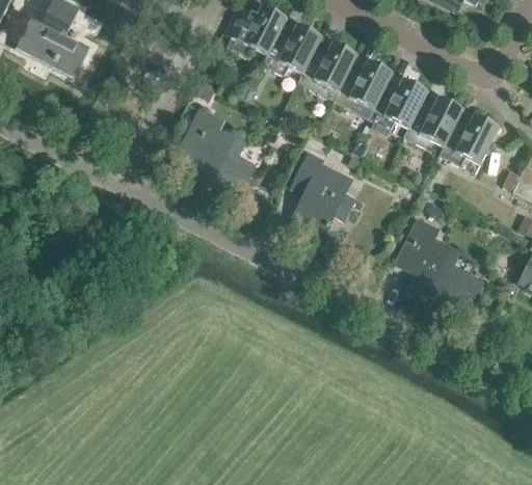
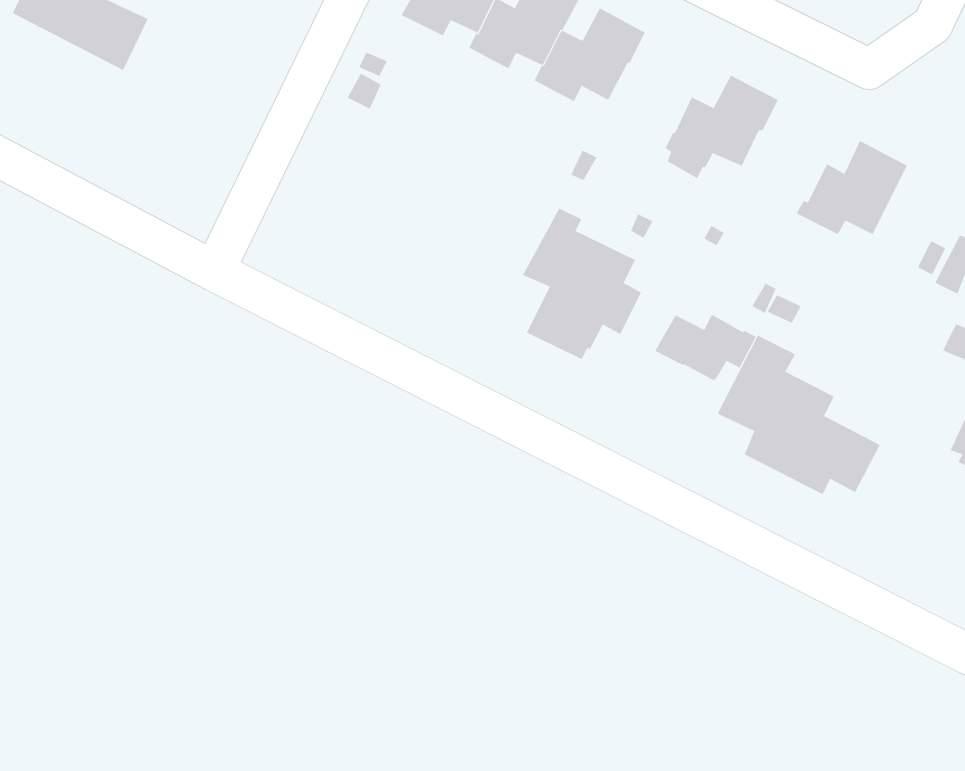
building: [332,59,393,109] -> none
building: [404,95,464,145] -> none
building: [179,108,254,195] -> none
building: none -> [655,314,757,381]

